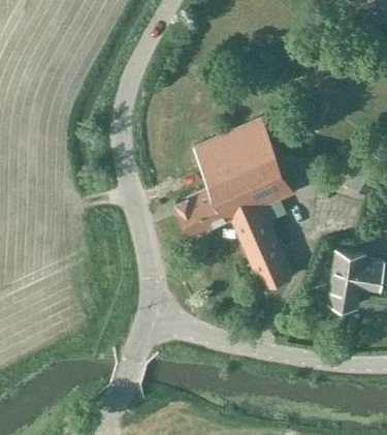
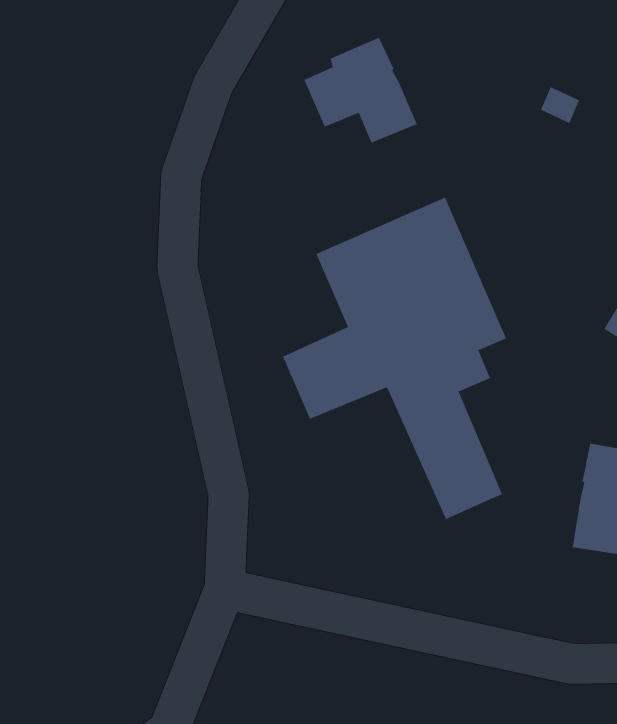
building: none -> [303,37,417,143]

